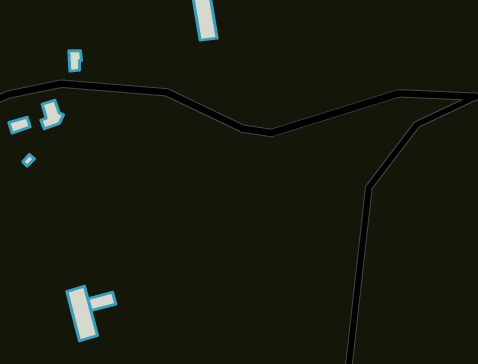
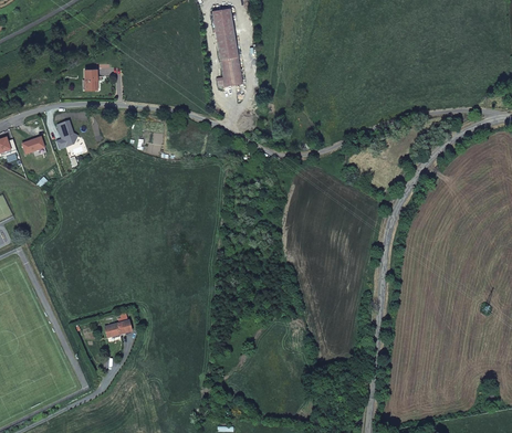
building: none -> [216,55,241,87]
building: [67,286,98,341] -> none

